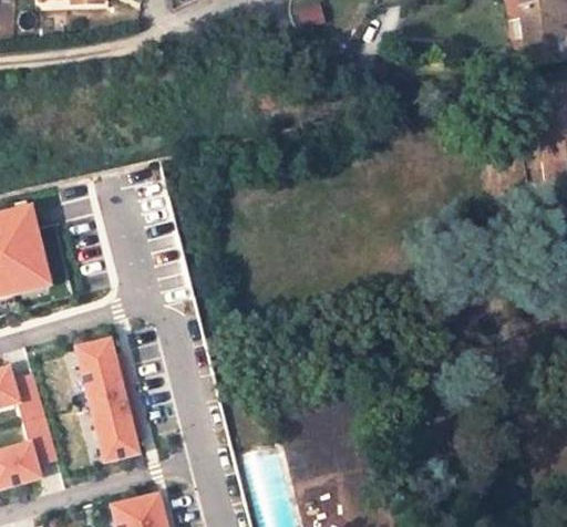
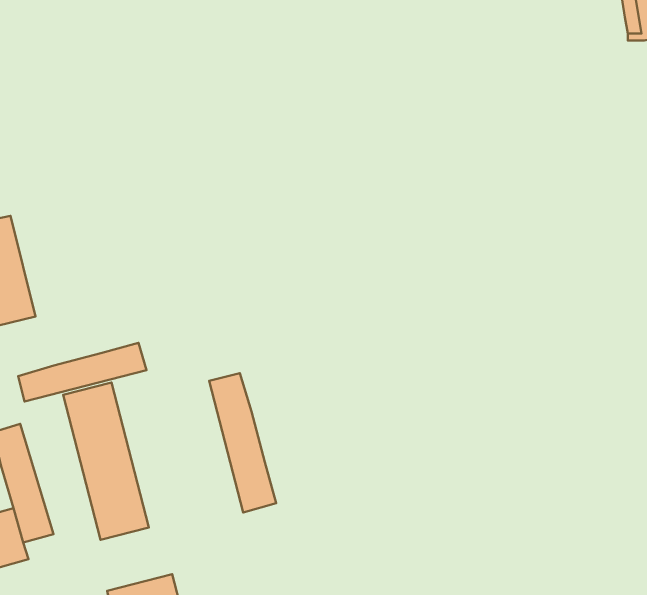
building: none -> [18,343,146,401]
building: none -> [209,373,276,512]

